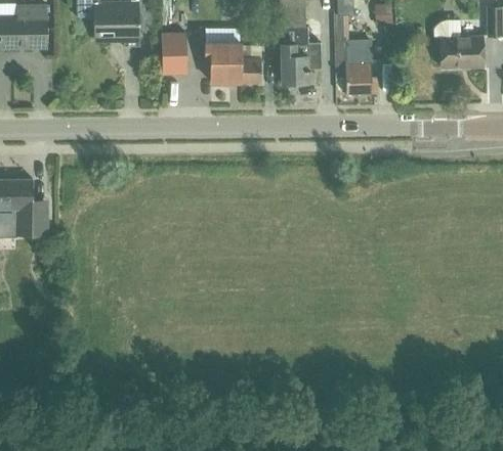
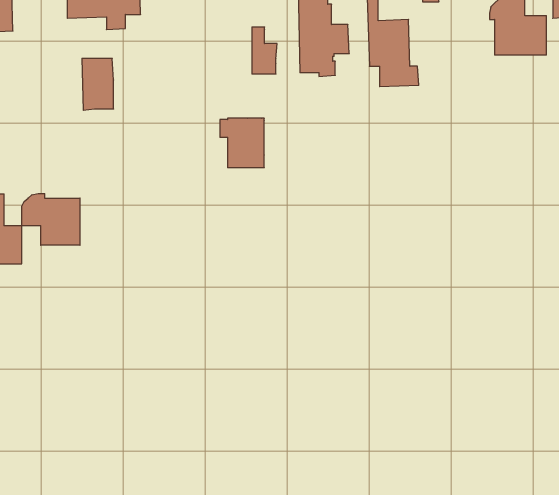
building: [162,33,187,75] -> [82,58,114,110]
building: [206,43,242,83] -> [220,118,264,168]
building: none -> [22,194,80,245]

